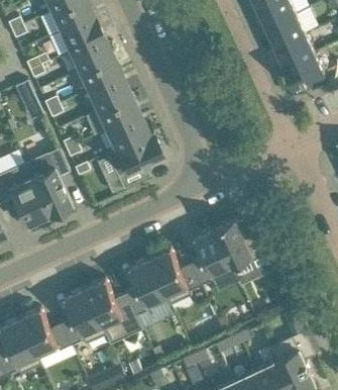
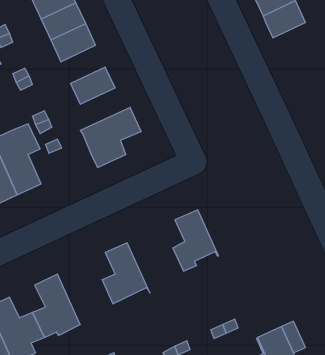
building: [285,56,324,89] -> none
building: [88,77,129,112] -> none
building: [106,116,152,156] -> none
building: [215,219,266,272] -> none
building: [149,250,202,306] -> none
building: [85,280,143,347] -> none

